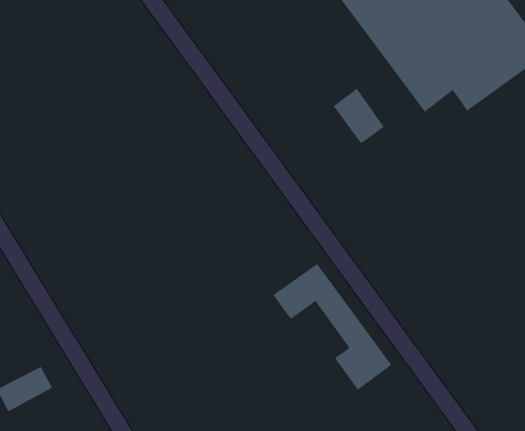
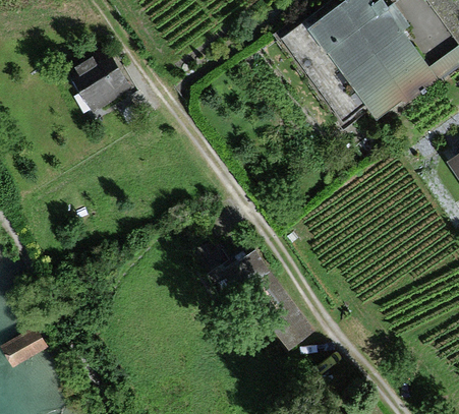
building: none -> [66,46,132,113]
building: [333,88,384,144] -> none

